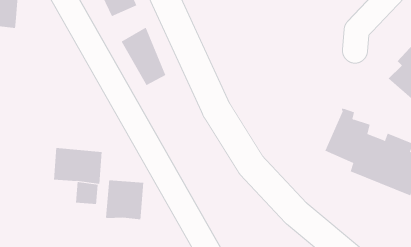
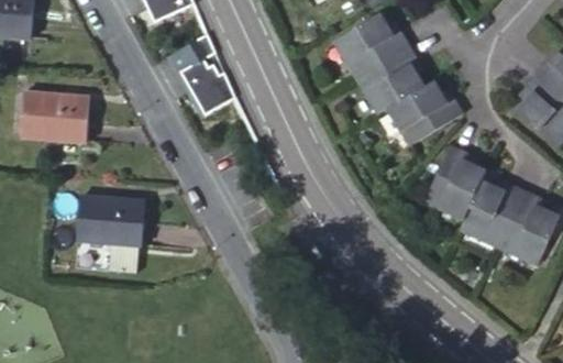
building: none -> [338,9,470,144]
building: none -> [16,95,84,145]
building: [105,179,144,220] -> none

